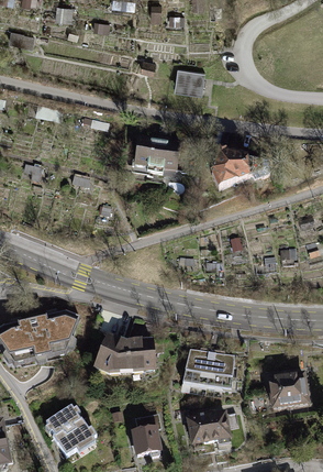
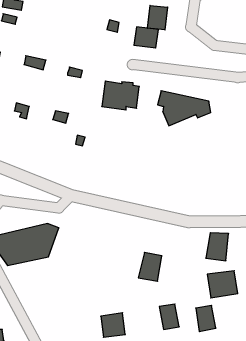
building: none -> [147,5,168,30]
building: [97,334,155,371] -> none
building: [204,354,233,389] -> [206,233,229,261]
building: [45,405,91,454] -> none
building: [187,418,212,451] -> [196,305,216,332]

